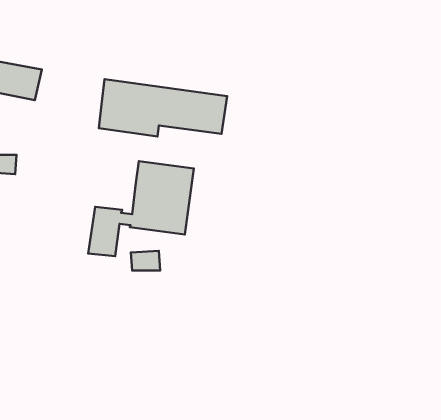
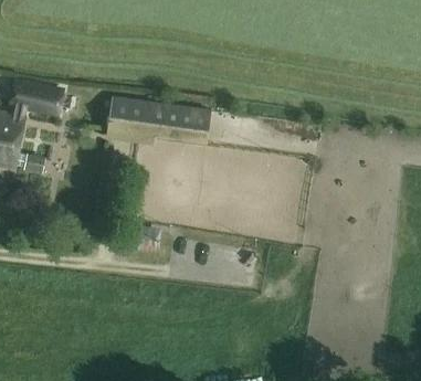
building: [88,161,194,256] -> none

